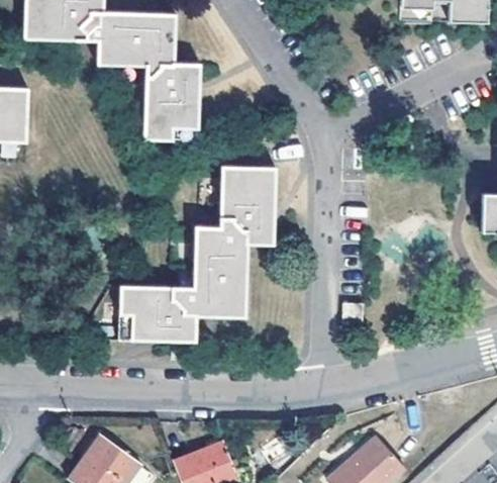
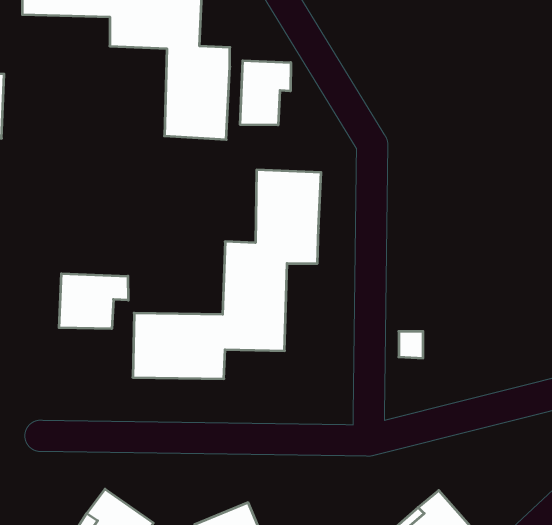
building: none -> [240,61,291,125]
building: none -> [59,274,128,329]

